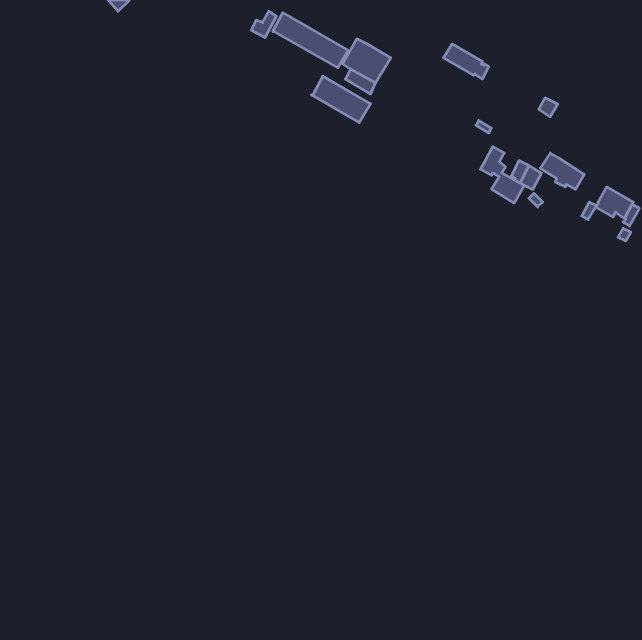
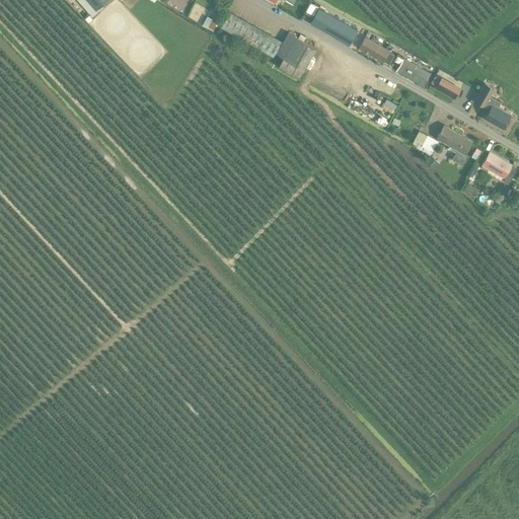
building: none -> [395,59,430,87]
building: [311,76,371,123] -> [309,8,357,46]
building: [480,147,524,203] -> [474,83,510,129]

